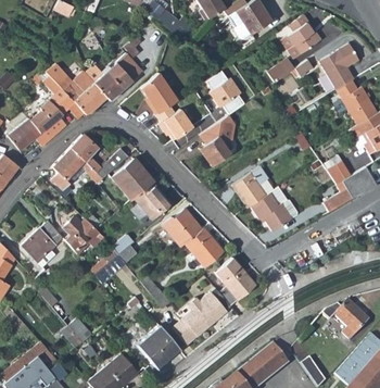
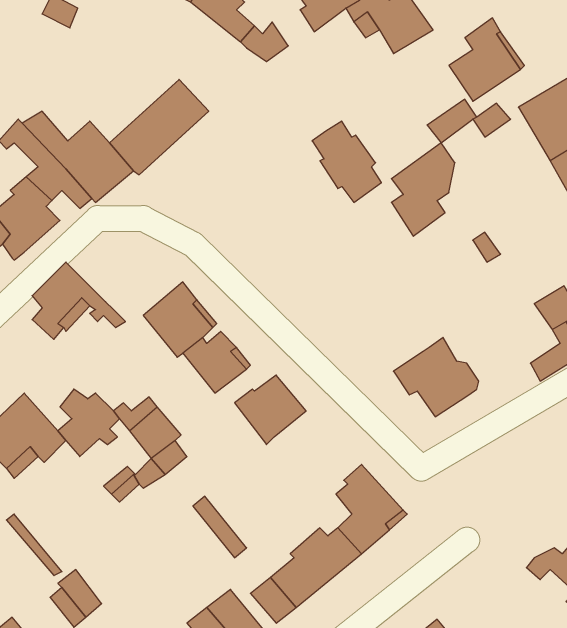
building: [141,74,177,114] -> none
building: [159,108,192,139] -> none
building: [200,114,235,165] -> [391,143,455,236]
building: [71,134,129,179] -> none
building: [233,167,267,208] -> none
building: [185,227,224,266] -> none

